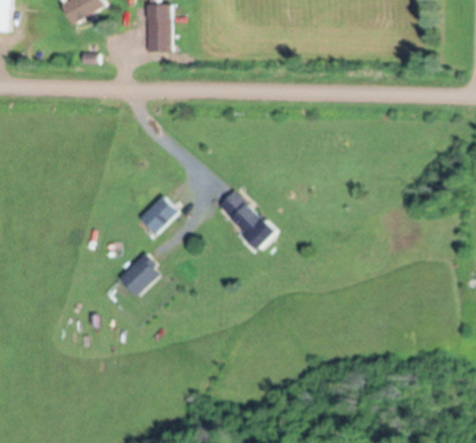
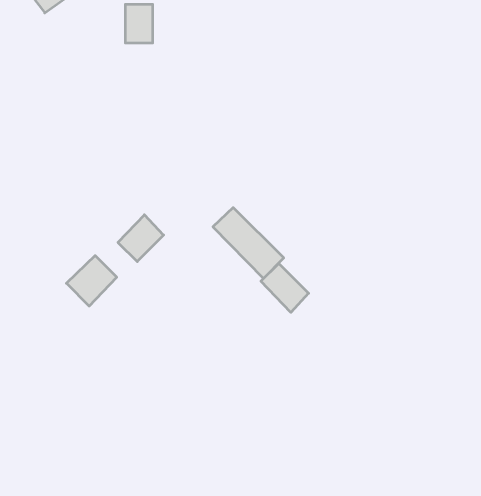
building: none -> [261,263,309,312]
building: [118,255,161,297] -> [66,256,117,306]

